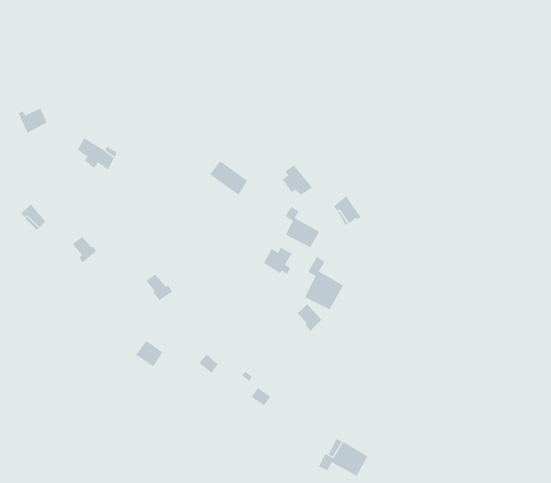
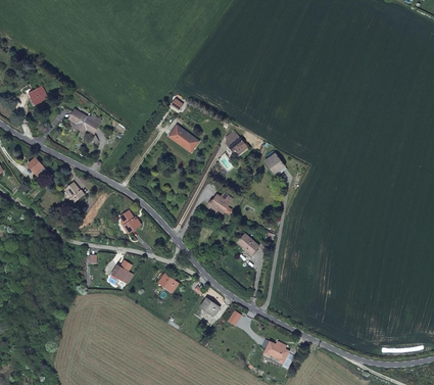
building: [285,206,320,248] -> none
building: [304,256,344,310] -> none

